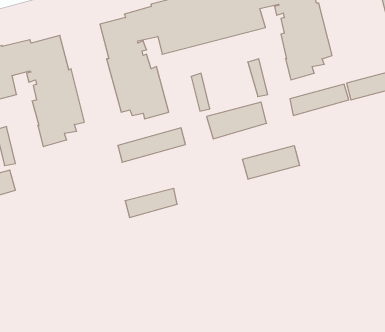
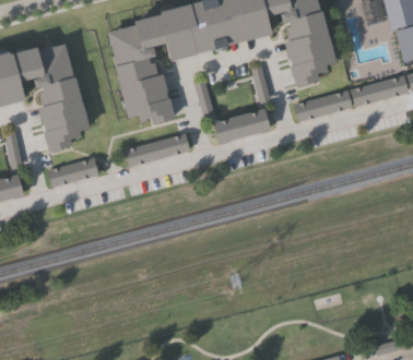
building: [243,146,300,179] -> none
building: [125,189,177,217] -> [48,158,99,187]

